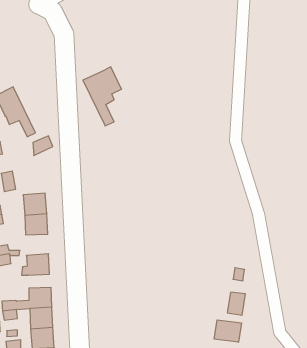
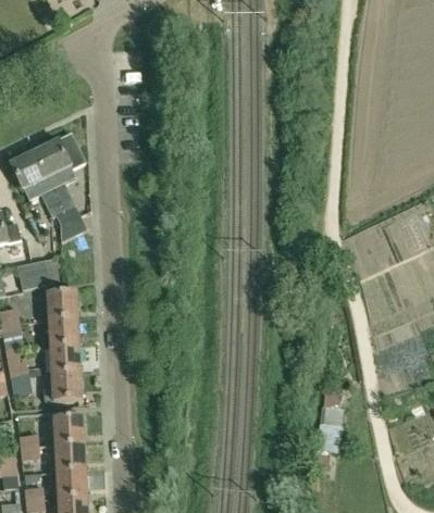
building: [83,67,122,126] -> [33,134,84,212]
building: none -> [32,259,61,287]
building: none -> [49,347,79,375]
building: [214,320,241,342] -> none

